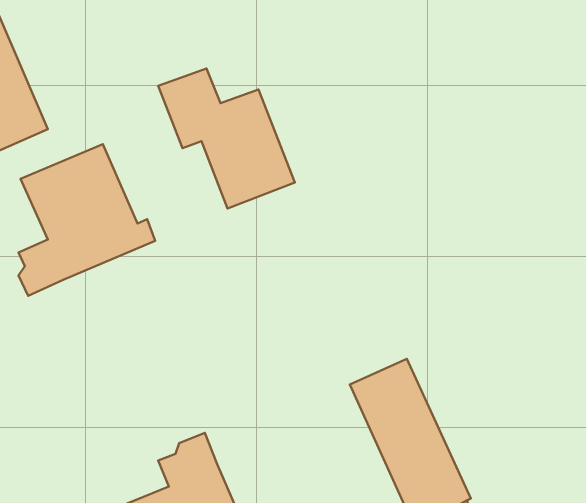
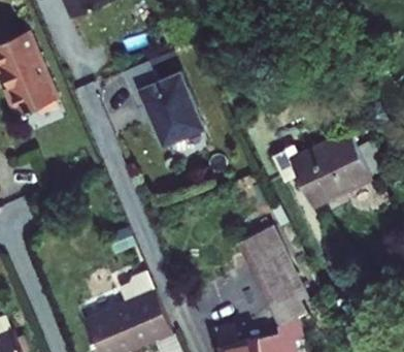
building: [19,144,155,296] -> none
building: none -> [267,125,367,200]

